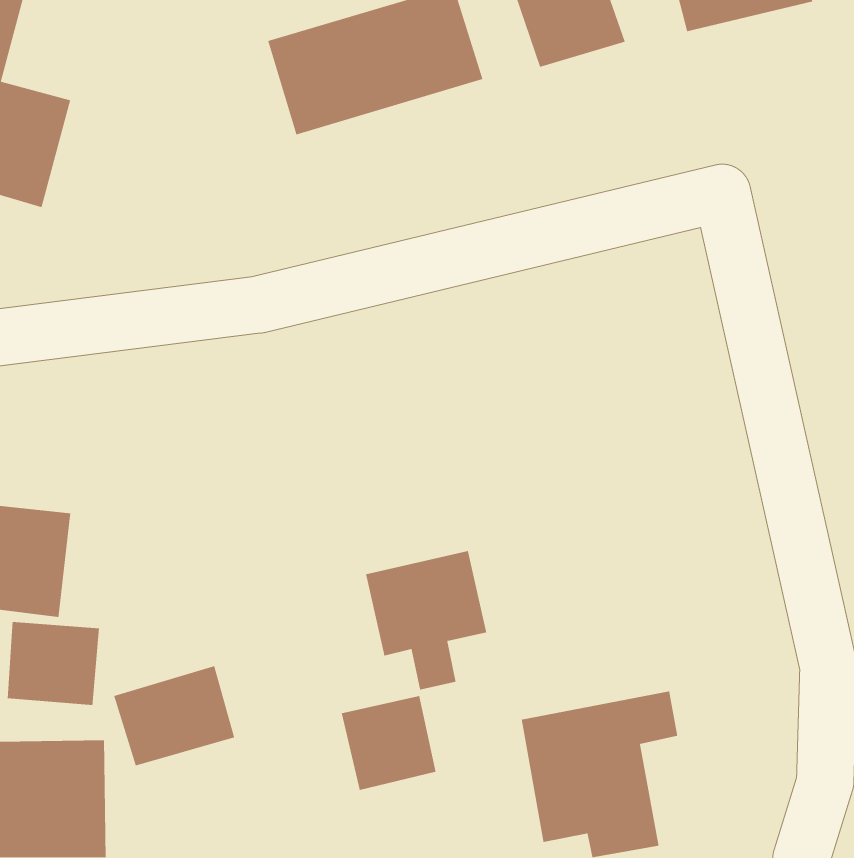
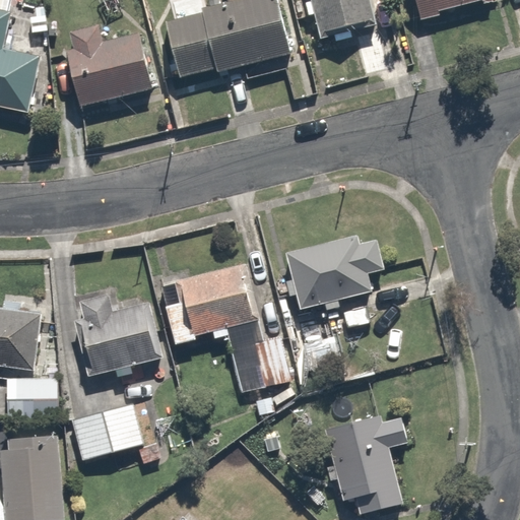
building: none -> [63,25,152,110]
building: none -> [281,236,384,307]
building: none -> [177,261,259,333]
building: none -> [69,286,160,377]
building: [341,695,437,791] -> none

